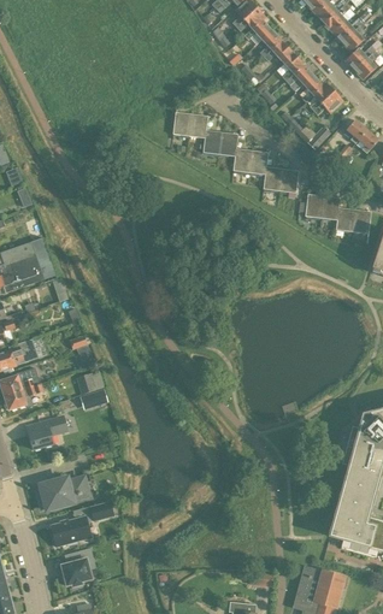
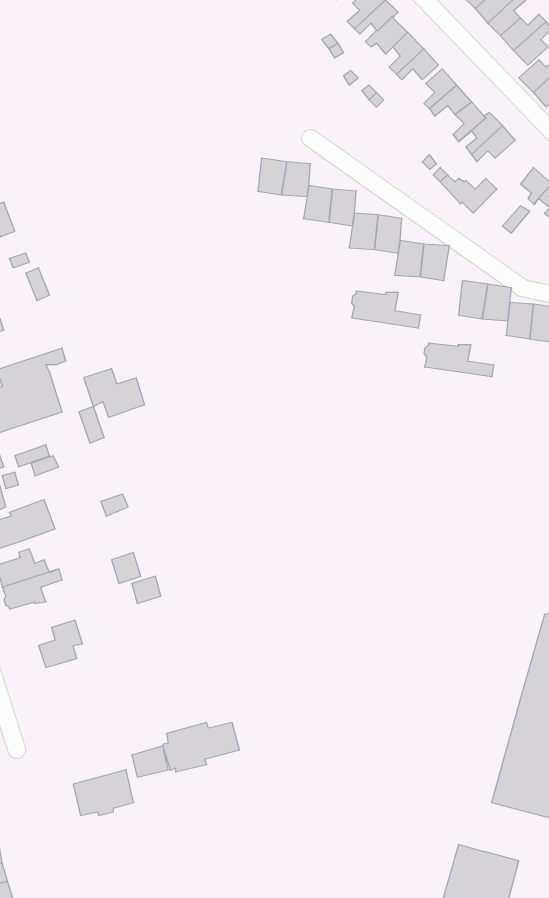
building: none -> [352,291,420,328]
building: none -> [424,343,494,377]
building: none -> [84,368,145,417]
building: [37,477,88,509] -> [163,723,240,772]
building: [60,548,95,586] -> none

